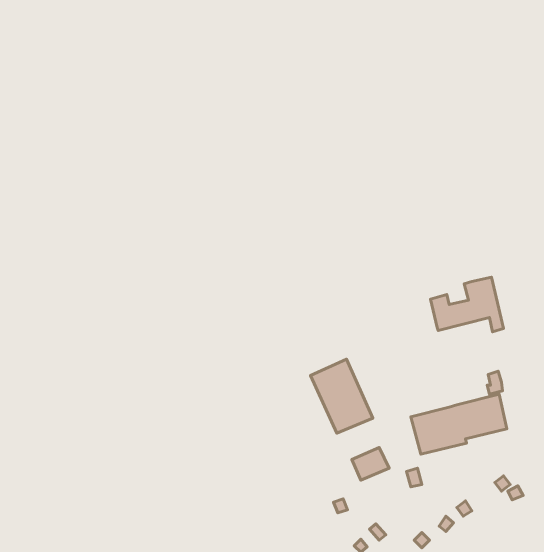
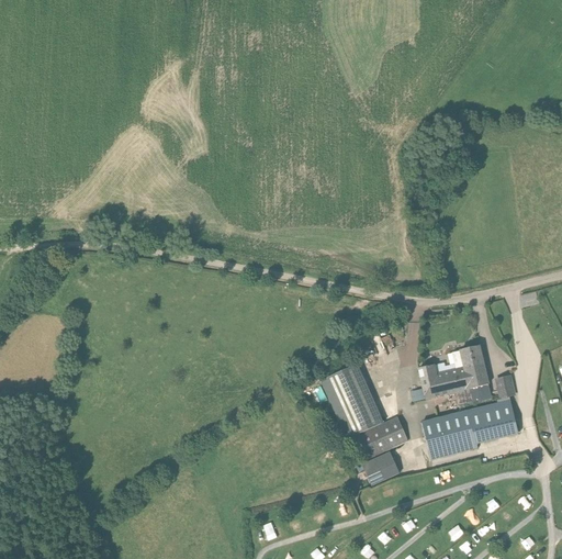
building: [430,277,504,332] -> [418,345,492,400]
building: none -> [350,415,408,461]

